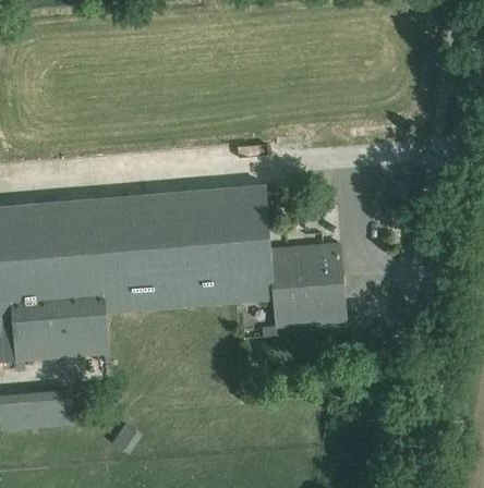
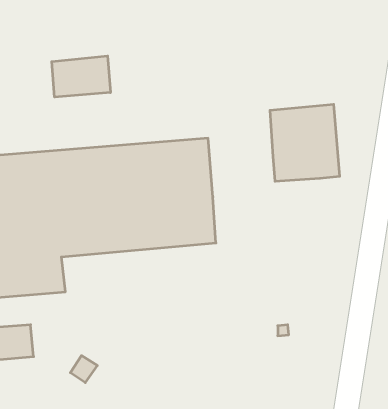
building: none -> [52,56,110,97]
building: [268,243,344,327] -> [270,104,340,181]

